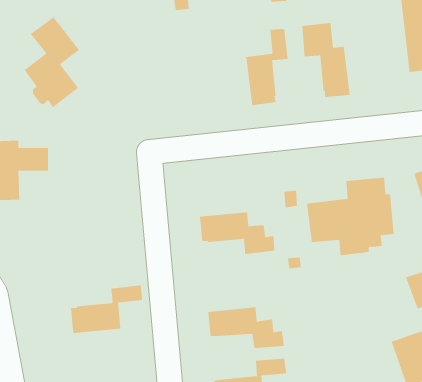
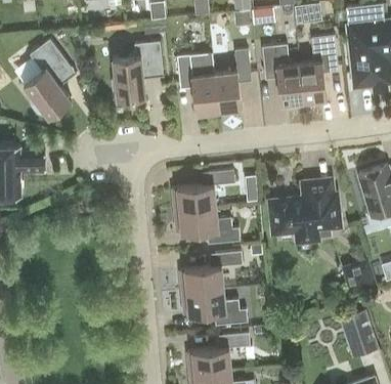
building: none -> [299,36,338,106]
building: none -> [112,41,162,99]
building: none -> [176,52,219,118]
building: none -> [172,170,234,211]
building: [70,285,143,334] -> [179,251,242,293]

